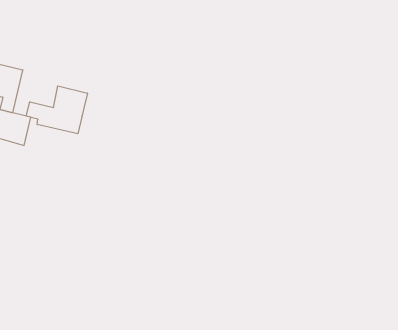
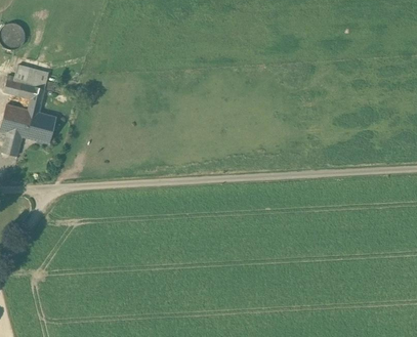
building: [26,86,87,134] -> none

